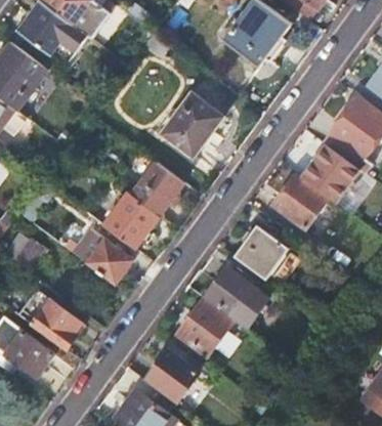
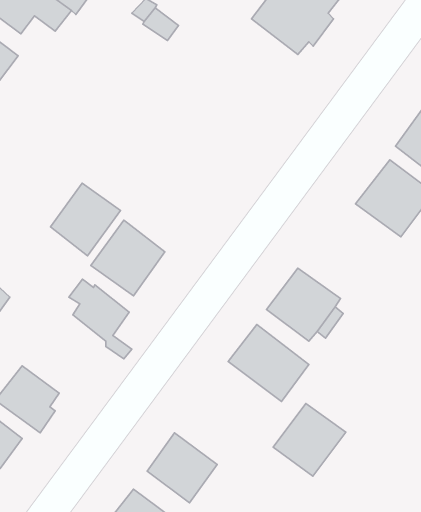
building: [159,92,222,158] -> none
building: [130,160,182,214] -> [51,183,121,256]
building: [272,176,327,230] -> none
building: [176,302,230,356] -> [273,403,346,476]

